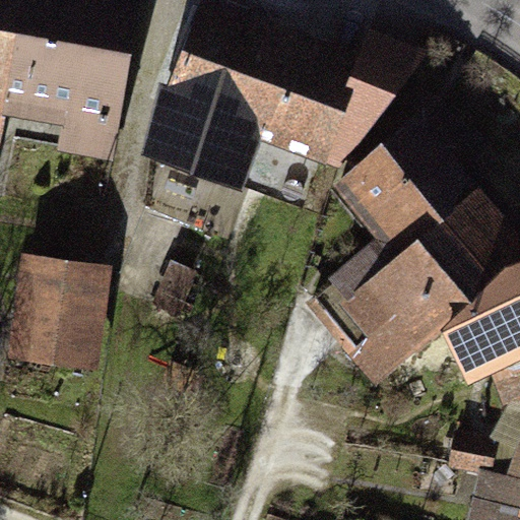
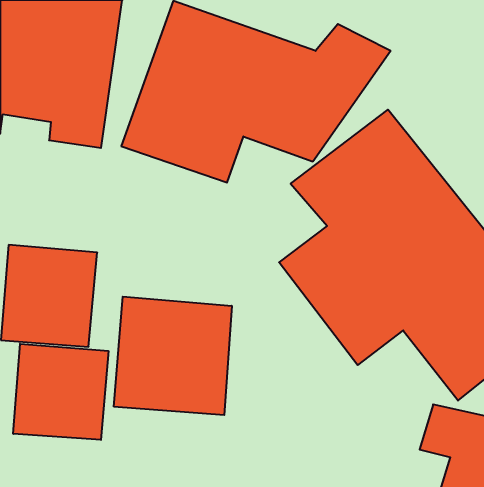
building: none -> [114,297,232,415]
building: none -> [13,344,108,440]

